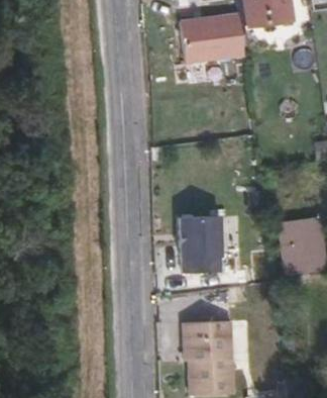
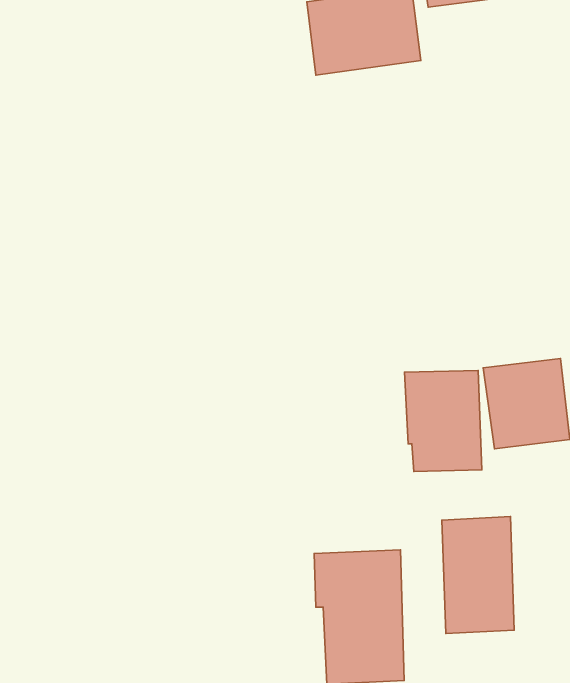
building: [180,217,222,273] -> [405,370,482,472]
building: none -> [442,517,514,634]

